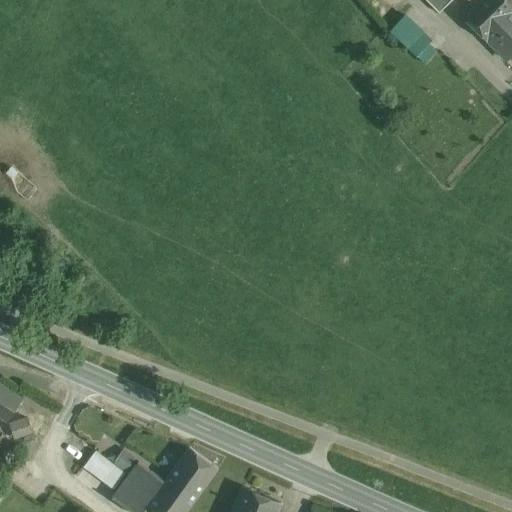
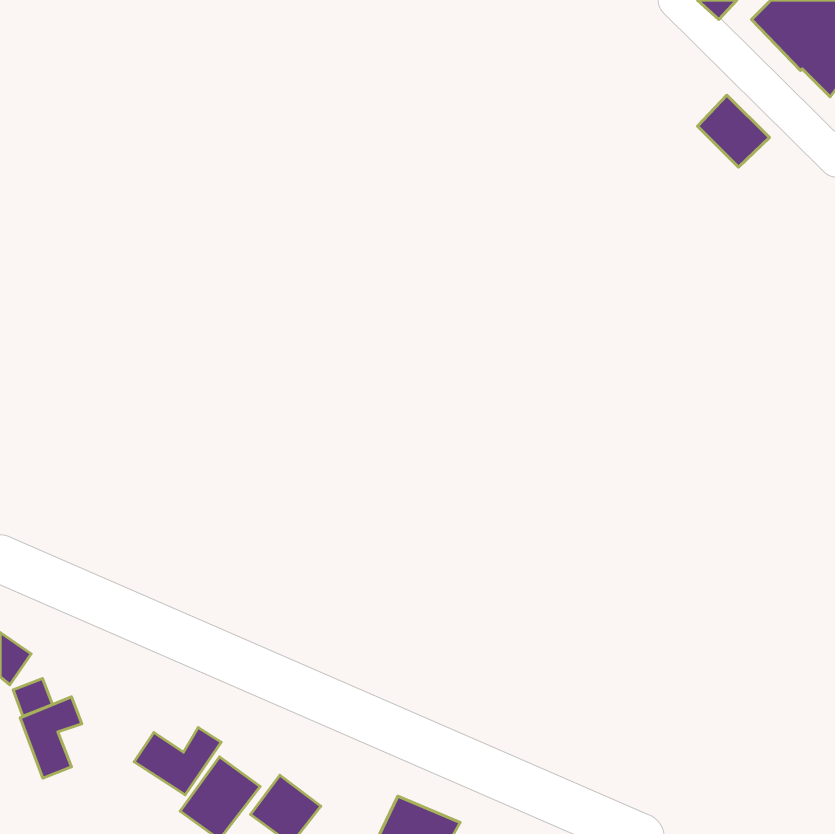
building: [391,15,435,59] -> [697,95,769,167]
building: none -> [20,697,82,778]
building: [172,451,215,494] -> none

